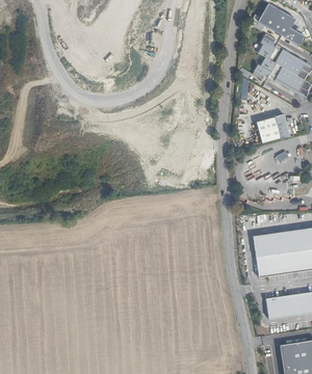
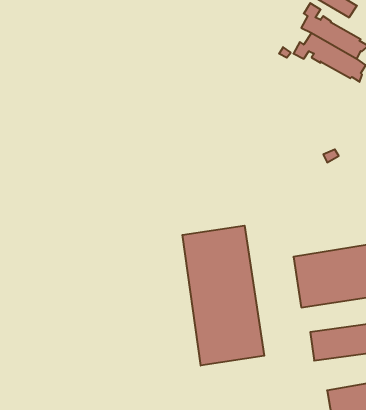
building: [256,113,292,143] -> none
building: none -> [182,226,264,366]

